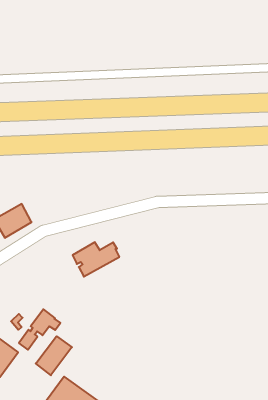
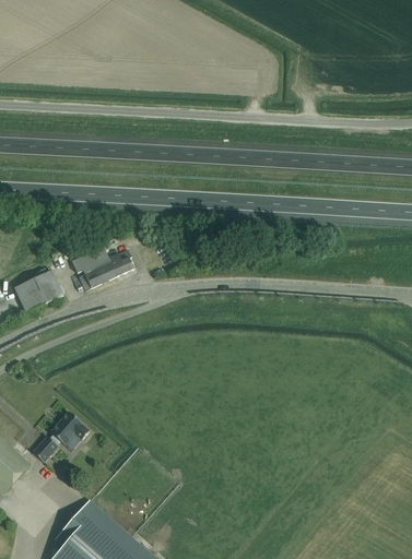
building: [73,242,119,277] -> [72,248,133,292]
building: [36,336,72,375] -> none

